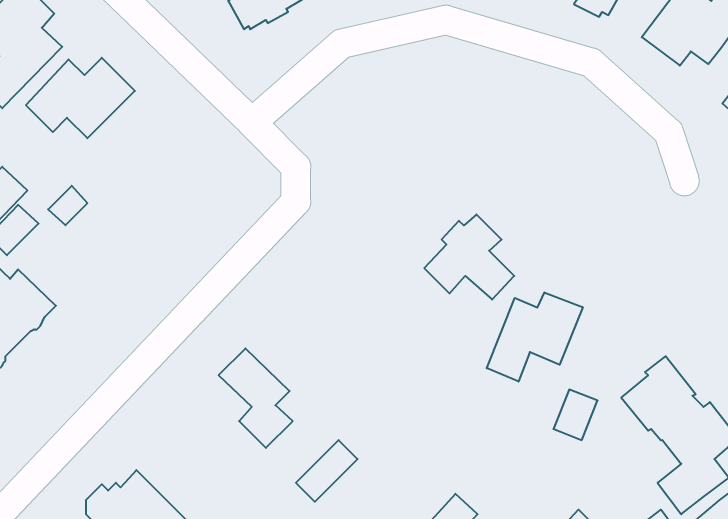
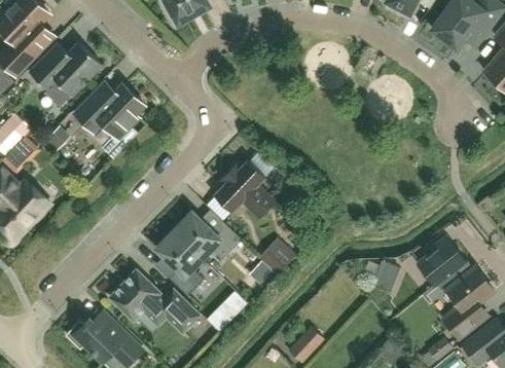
building: none -> [74,82,143,150]
building: [424,214,514,300] -> [214,160,273,216]
building: [487,292,583,382] -> none
building: none -> [173,212,242,260]
building: none -> [249,237,297,287]
building: none -> [108,269,200,332]

